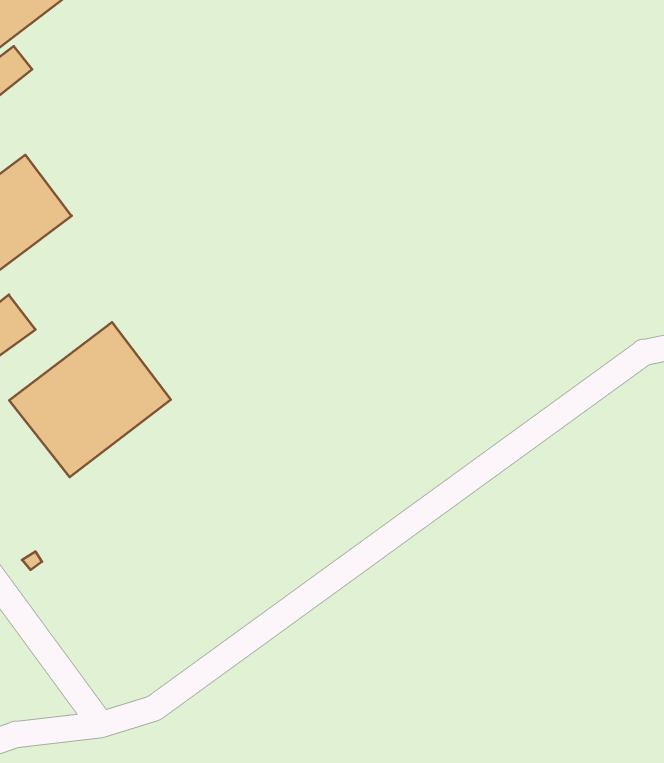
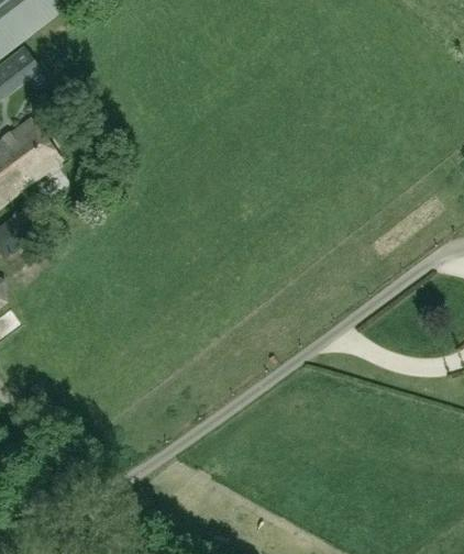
building: [9,322,171,477] -> none

